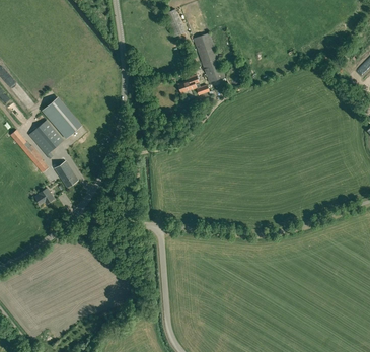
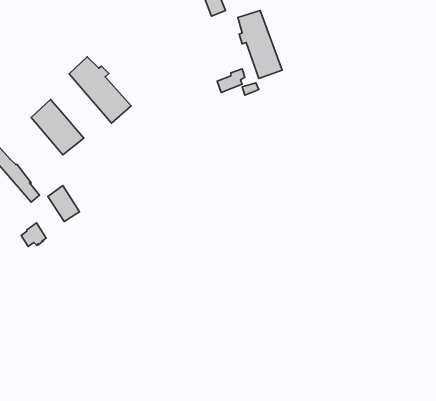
building: none -> [69,57,131,123]
building: [30,123,62,159] -> none

